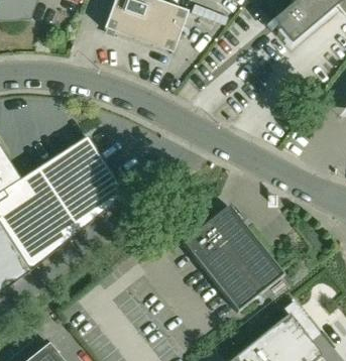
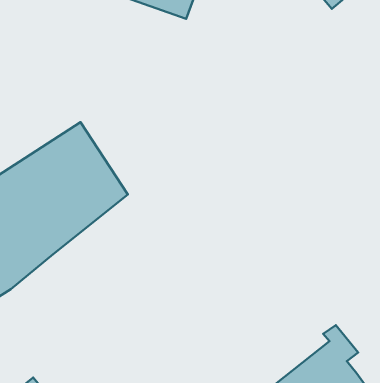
building: [182,204,284,311] -> none

